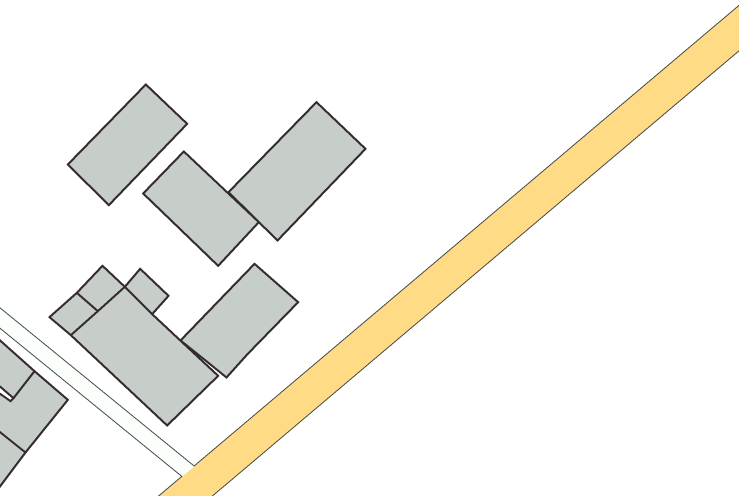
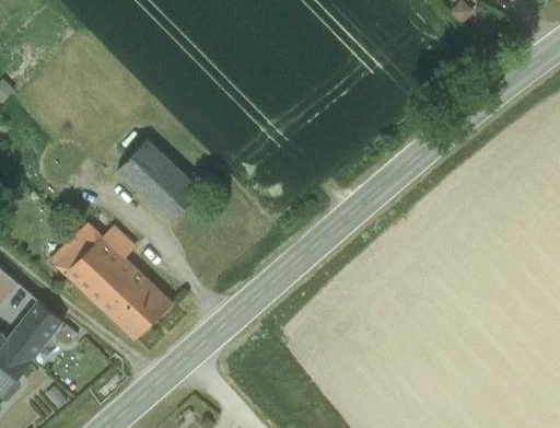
building: [68,85,187,205] -> none
building: [229,102,365,240] -> none
building: [180,264,298,377] -> none

